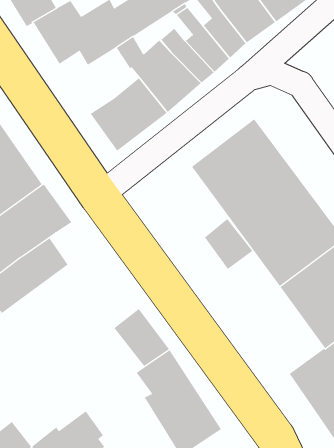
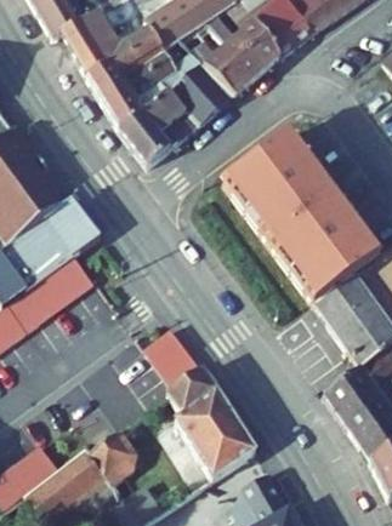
building: none -> [87,58,170,126]
building: [204,218,253,270] -> none

